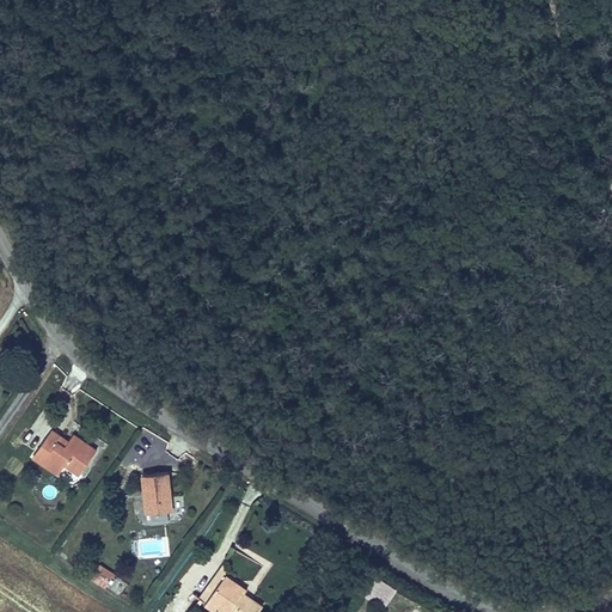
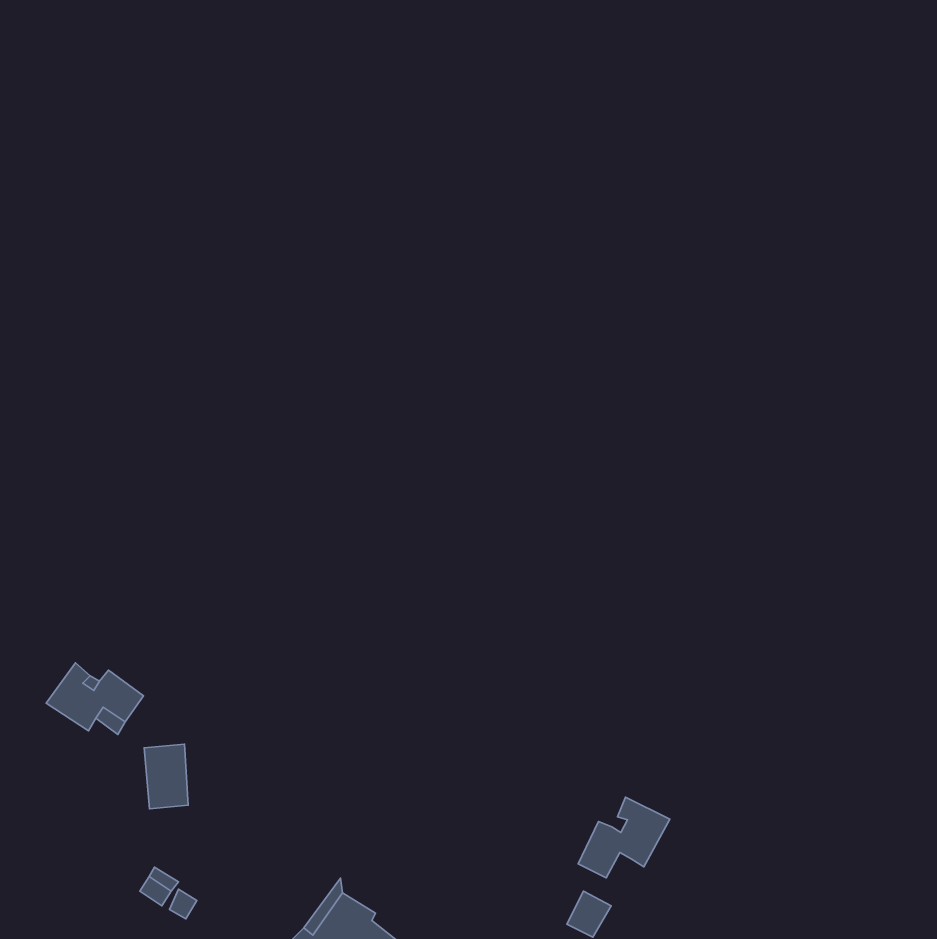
building: [143,472,172,514] -> [144,744,188,809]
building: none -> [578,797,670,878]

